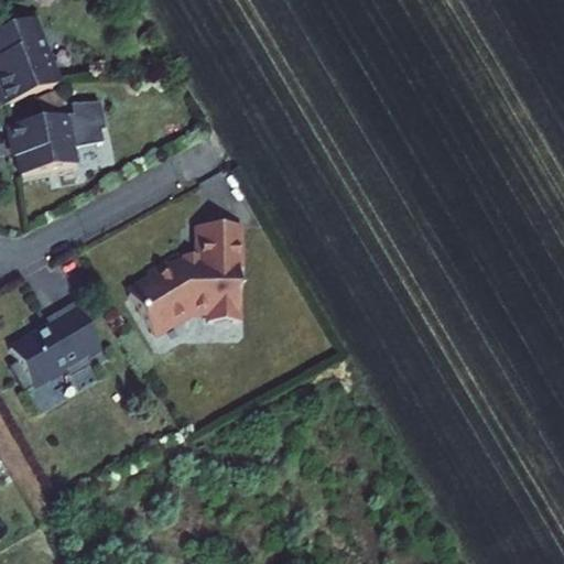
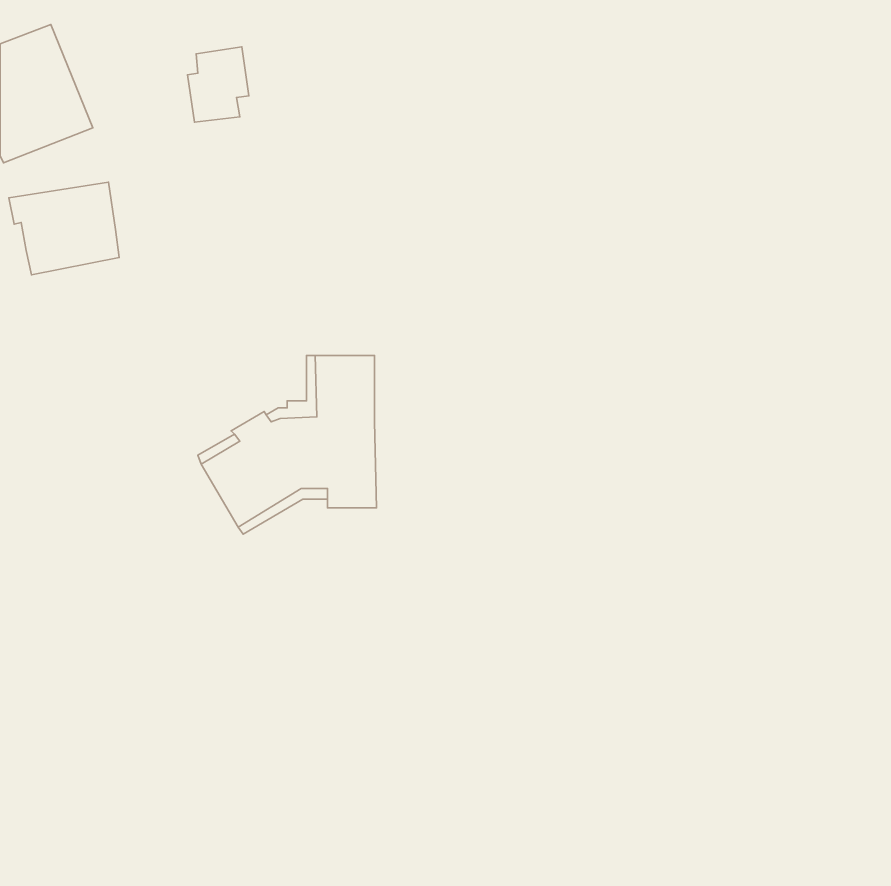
building: [70,97,109,144] -> [187,47,249,122]
building: [11,302,101,389] -> none

